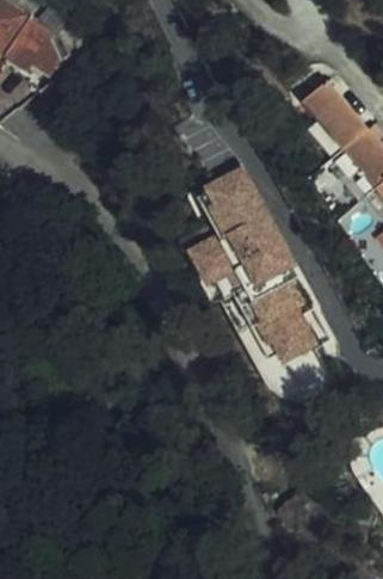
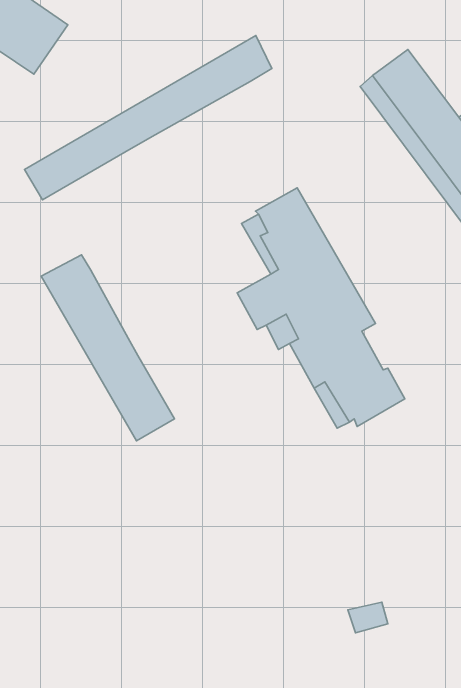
building: none -> [24,35,272,200]
building: none -> [41,255,174,441]

